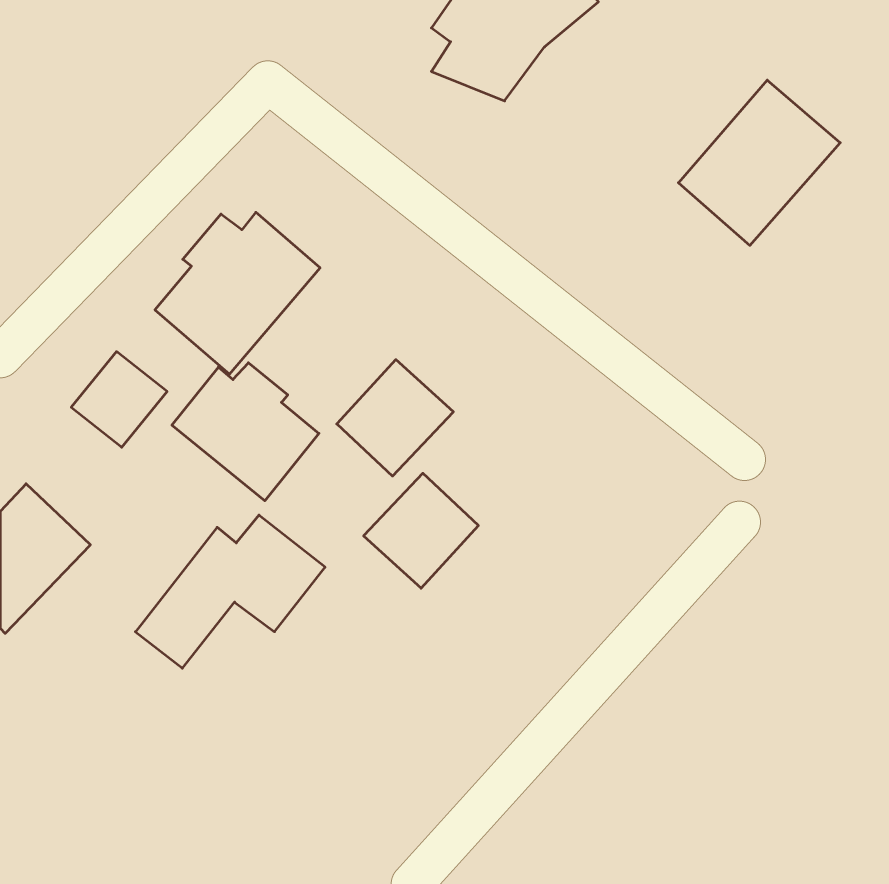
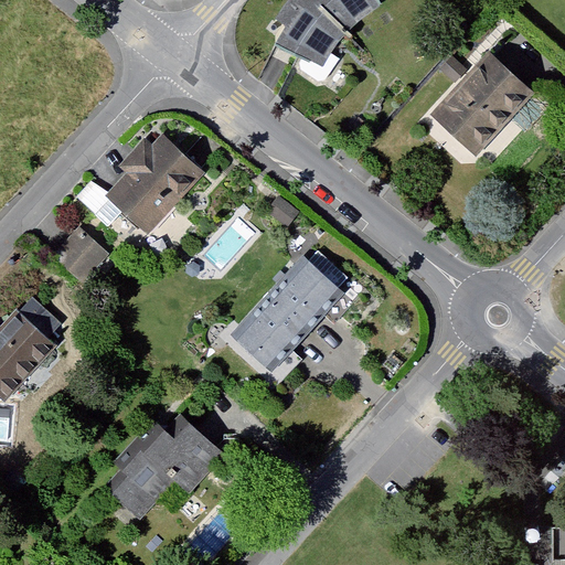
building: [337,360,453,476] -> [268,259,342,333]
building: [172,363,319,501] -> none
building: [135,515,325,668] -> [108,422,228,519]

